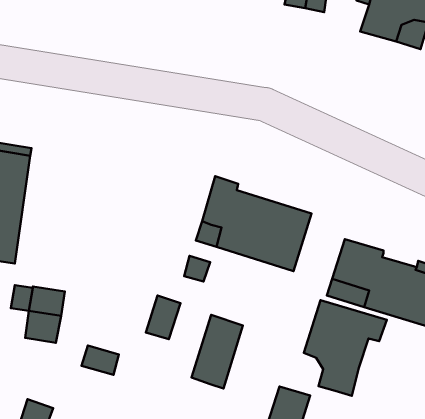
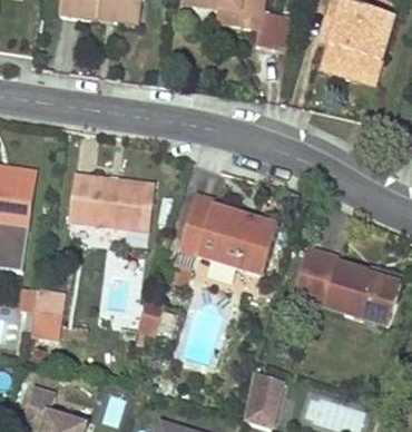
building: none -> [68,174,155,232]
building: [304,300,387,396] -> none
building: [191,315,243,388] -> none

